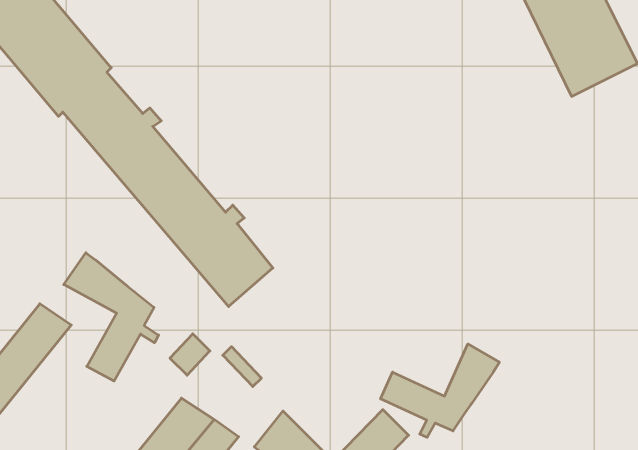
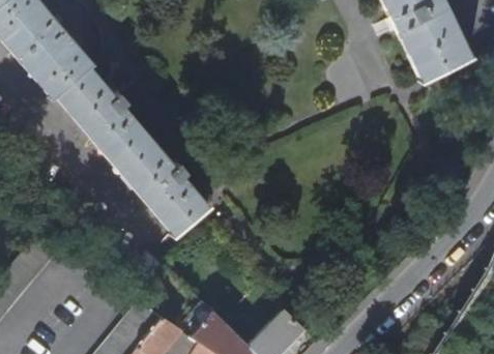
building: [64,253,159,381] -> none
building: [381,344,499,437] -> none

